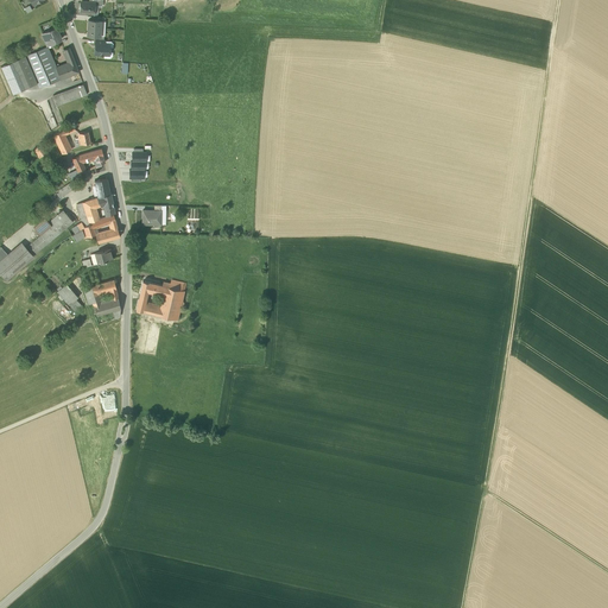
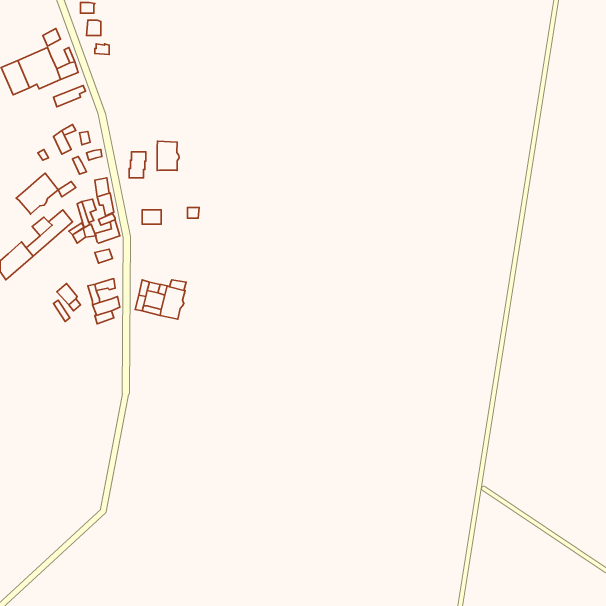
building: none -> [157,141,179,171]
building: none -> [16,173,58,214]

